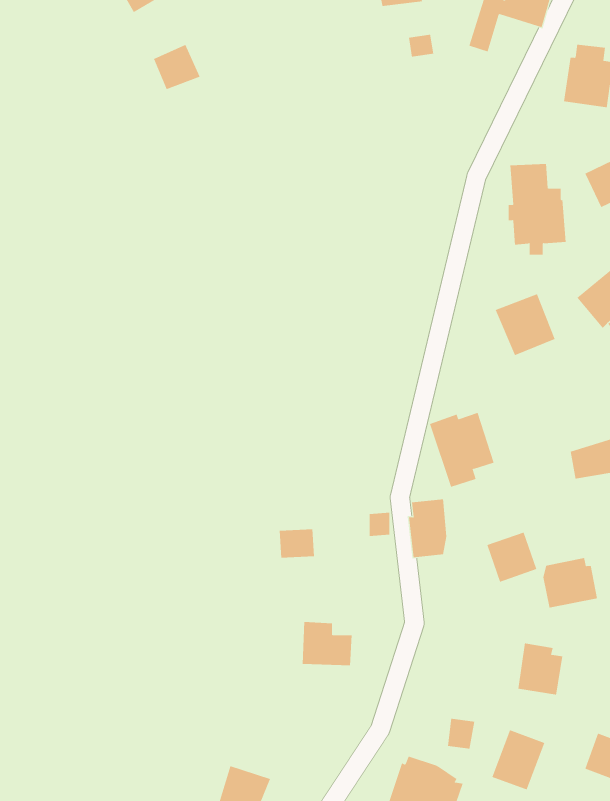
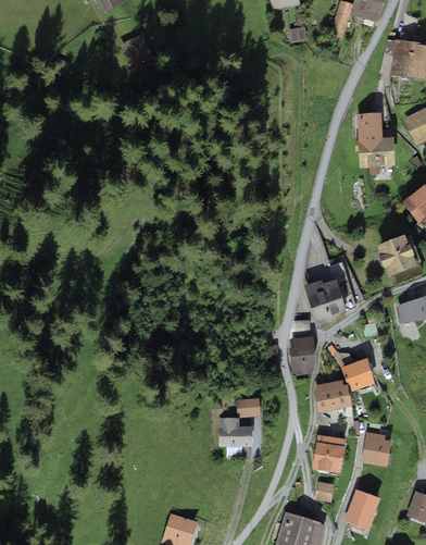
building: [495,294,555,356] -> [376,234,416,275]
building: [279,529,315,558] -> [236,398,260,418]
building: [542,557,598,608] -> [314,380,351,413]
building: none -> [312,435,346,473]

